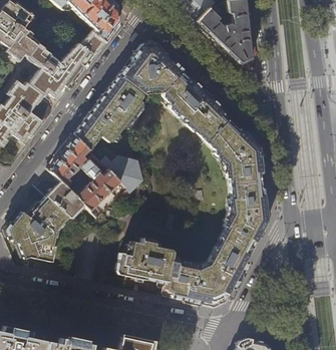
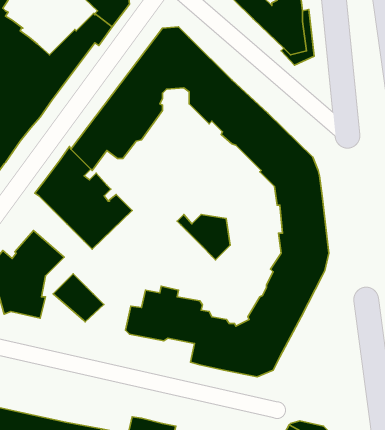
building: [100,157,140,192] -> [177,215,230,260]
building: [45,182,83,218] -> [53,274,104,322]

